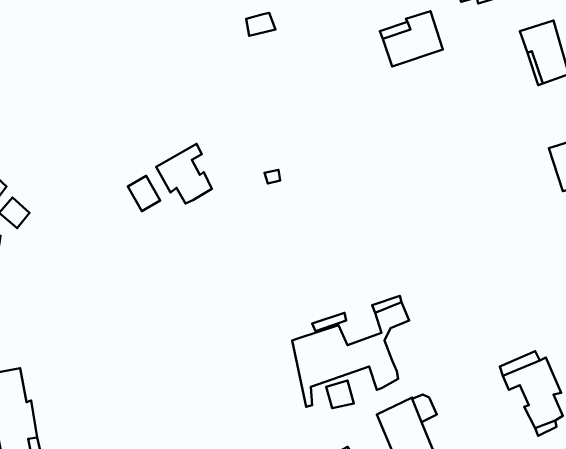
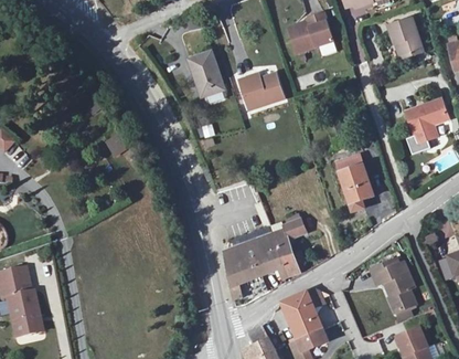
building: none -> [189,52,222,97]
building: none -> [235,71,280,108]
building: [156,144,212,203] -> none
building: none -> [337,161,370,211]

